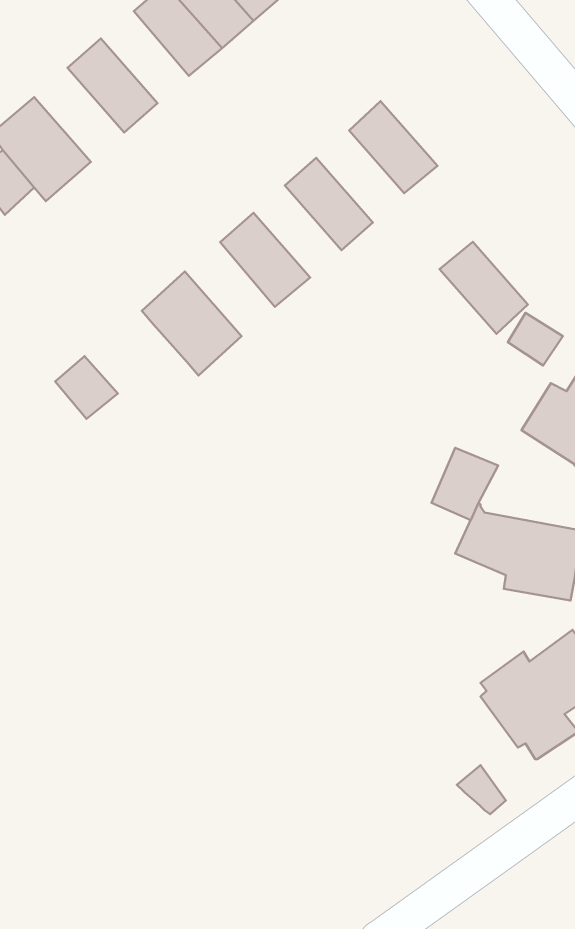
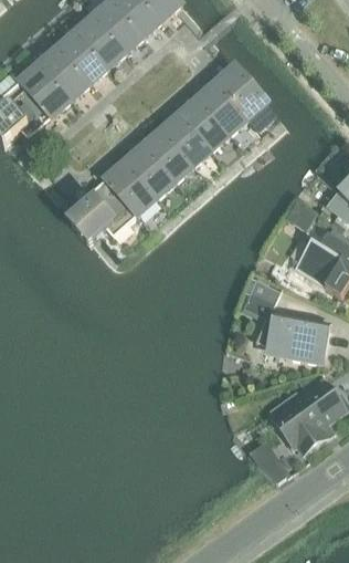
building: none -> [57,29,107,81]
building: none -> [20,61,71,114]
building: none -> [215,63,267,116]
building: none -> [144,127,193,179]
building: [440,242,528,334] -> [179,96,229,148]
building: none -> [105,159,156,212]
building: [55,356,118,419] -> [71,206,106,241]

